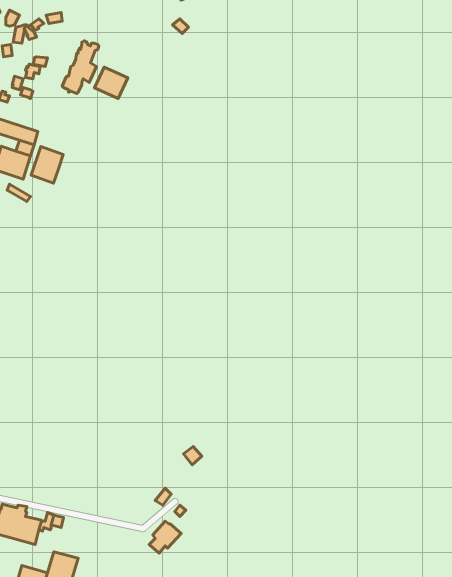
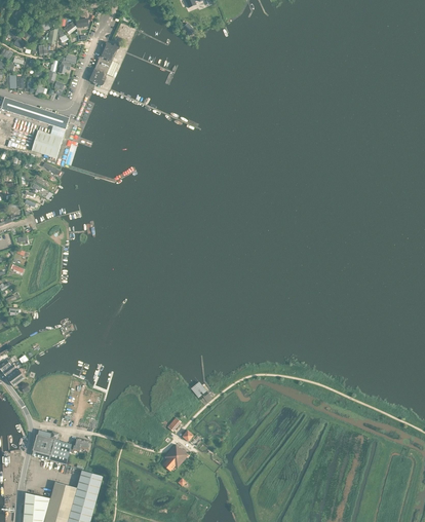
building: [95,67,128,98] -> none
building: [31,147,63,183] -> none

